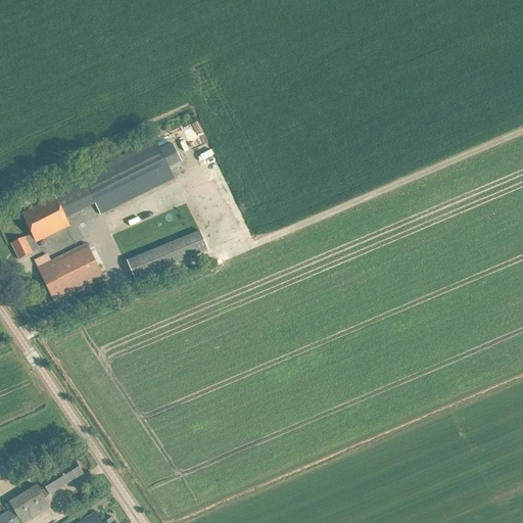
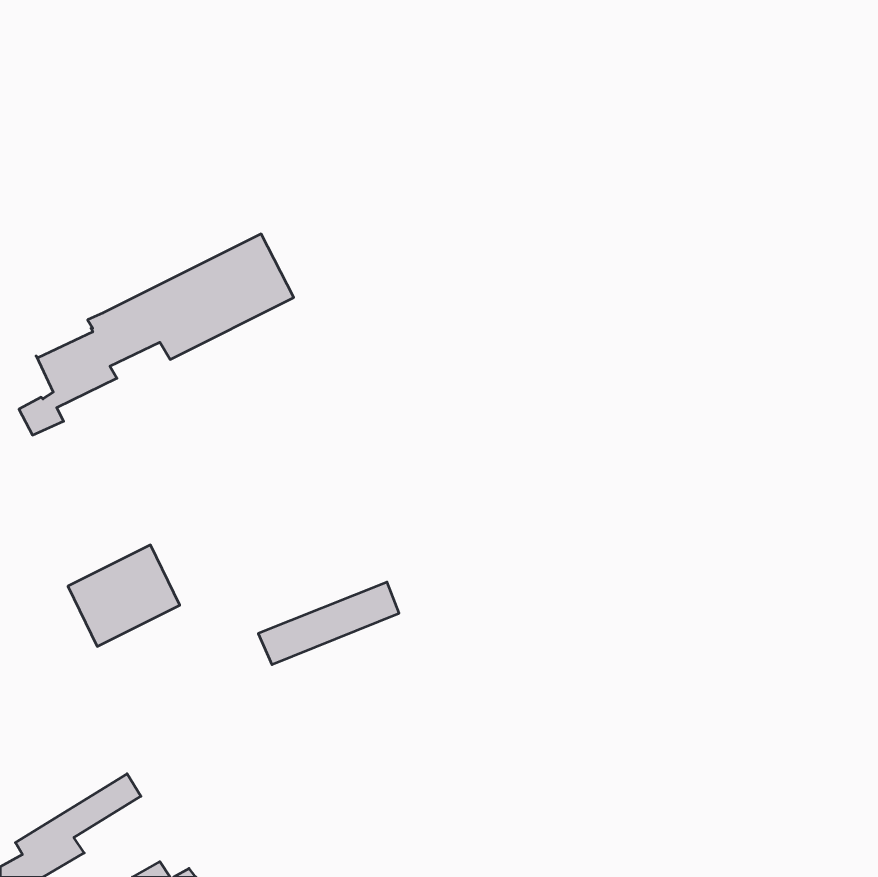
building: [126,232,209,281] -> [258,582,399,665]
building: [38,243,104,303] -> [68,545,180,646]

